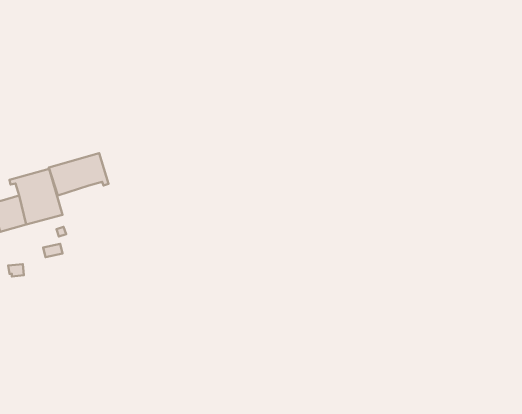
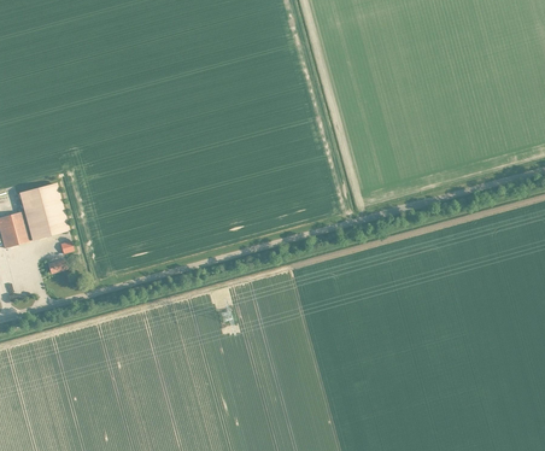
building: [49,153,109,195] -> none

